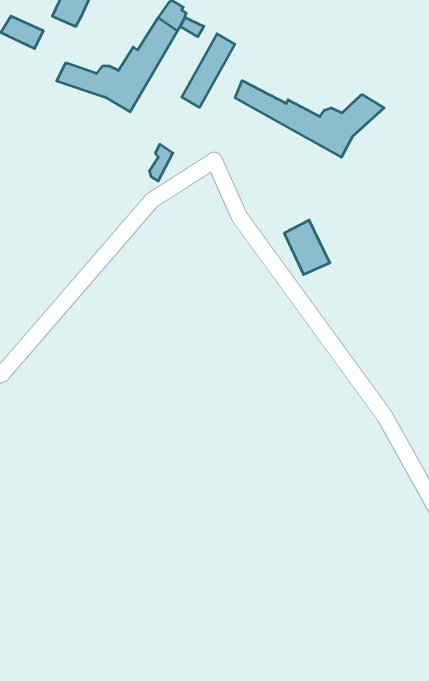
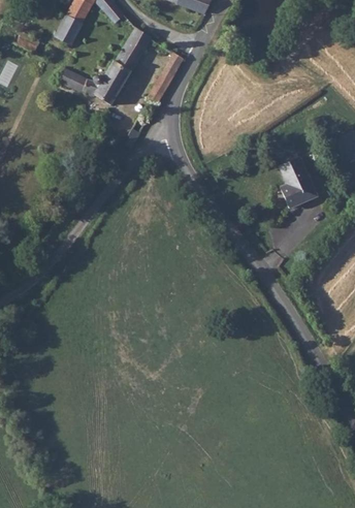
building: [235,81,384,157] -> none
building: [284,220,330,275] -> [281,166,313,204]

